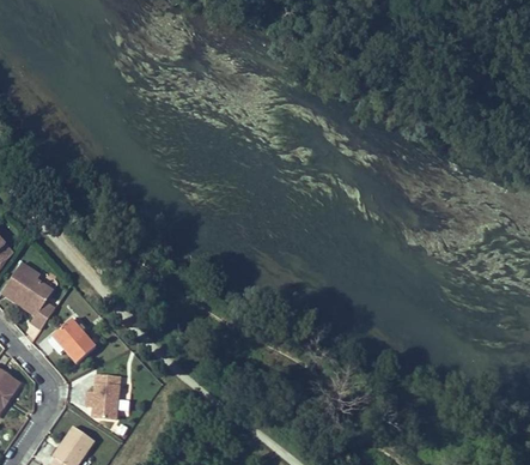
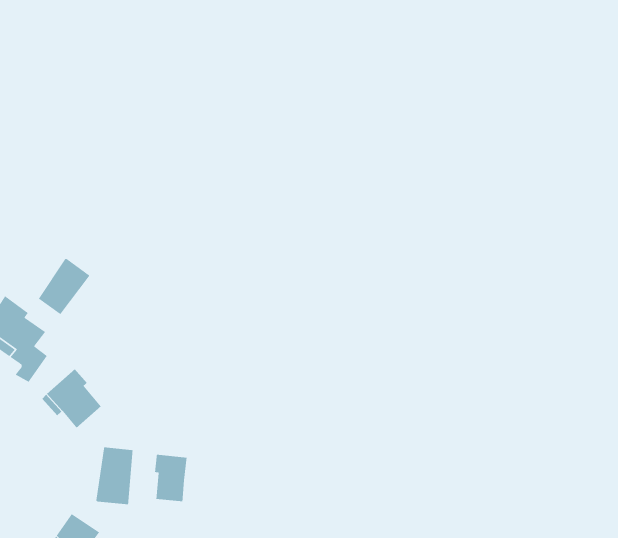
building: none -> [38,258,90,315]
building: none -> [154,454,187,502]

